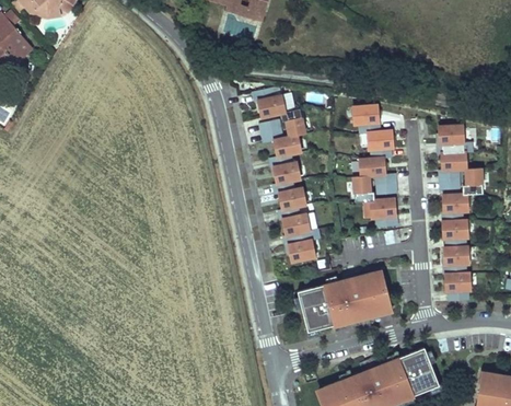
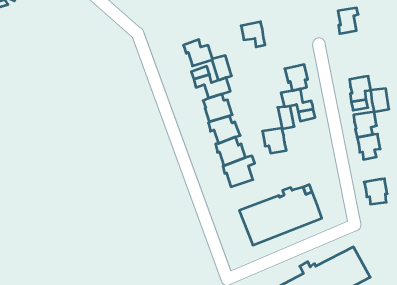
building: [355,104,380,132] -> [241,22,265,47]
building: [439,126,463,153] -> [338,8,358,34]
building: [372,199,397,227] -> [262,128,286,153]
building: [444,246,469,274] -> none

